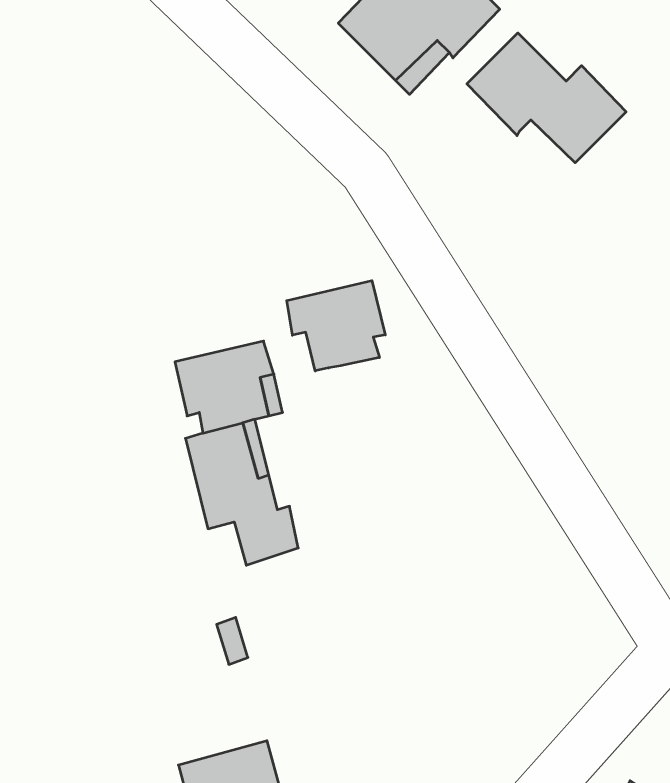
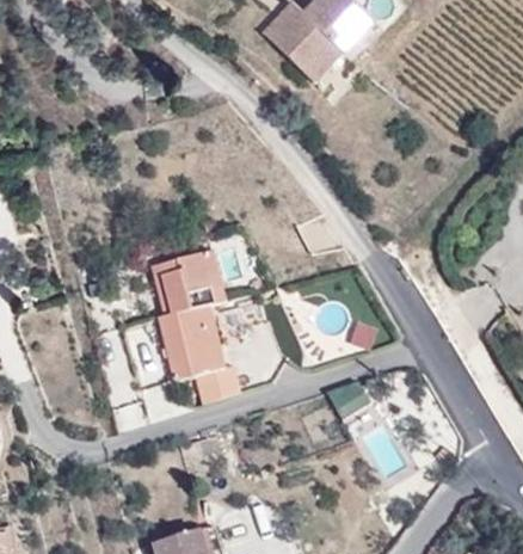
building: [467,33,626,163] -> none
building: [287,281,385,371] -> none

